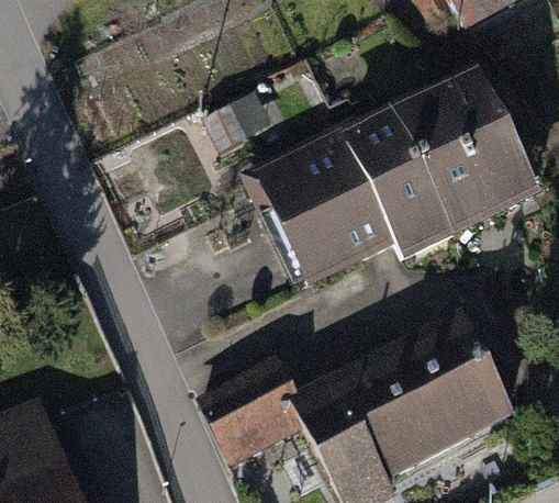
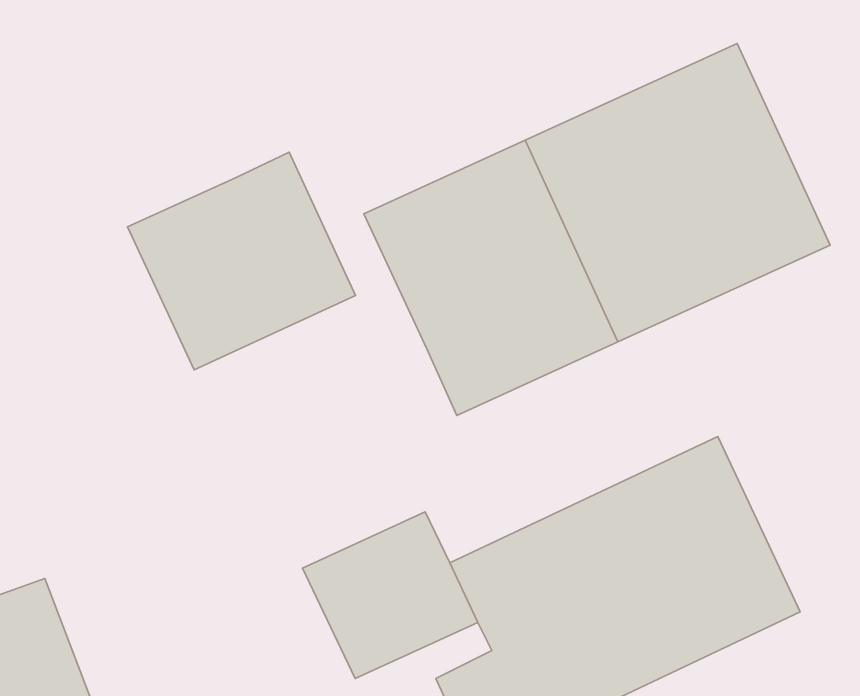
building: none -> [128,152,355,370]

